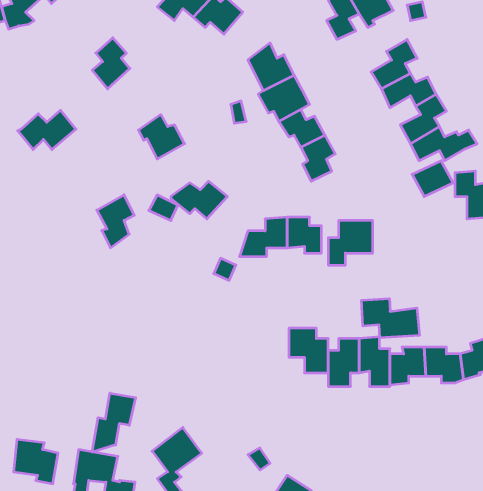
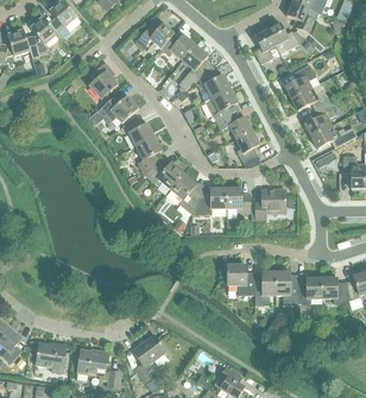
building: none -> [179,44,214,88]
building: [18,110,76,150] -> [97,95,138,122]
building: [97,195,134,248] -> [135,135,162,172]
building: none -> [170,172,198,214]
building: [362,299,419,338] -> none
building: [92,393,136,452] -> none

